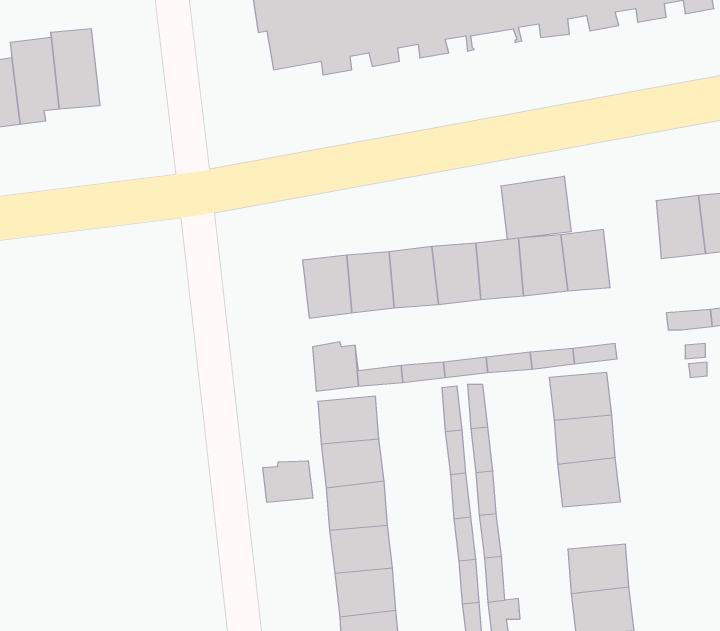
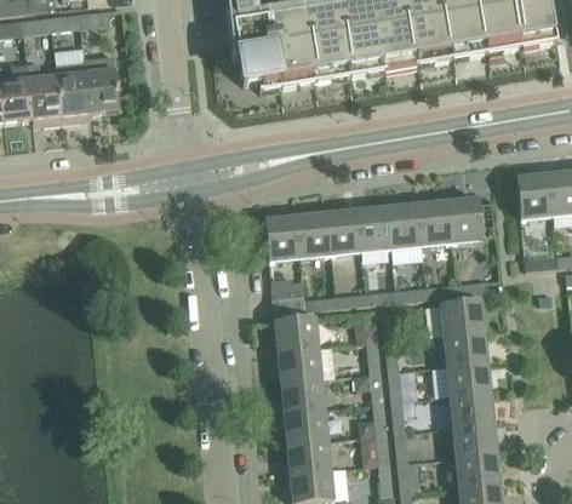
building: [501,176,571,239] -> none
building: [263,461,313,502] -> none
building: none -> [450,391,494,425]

